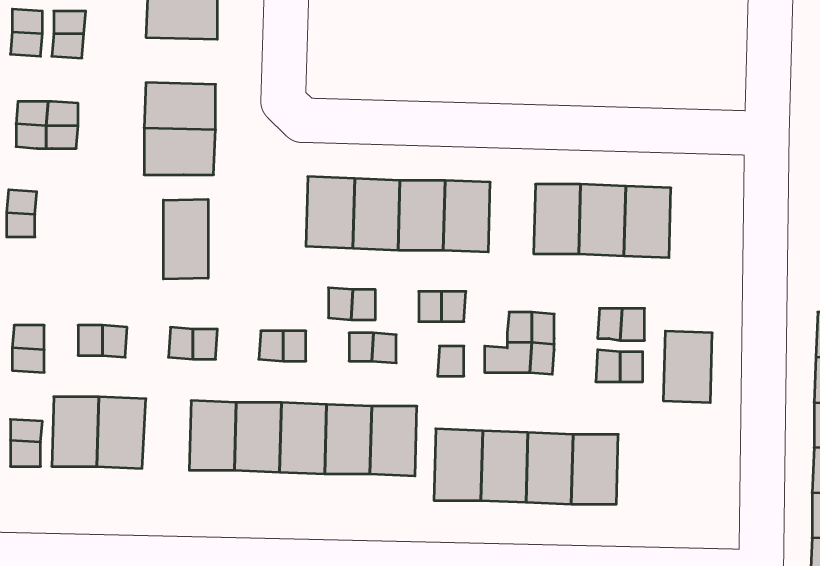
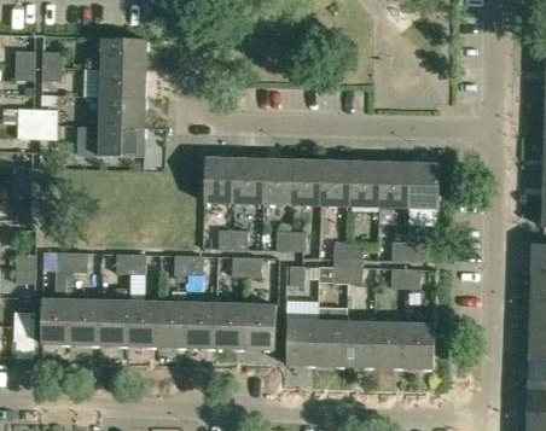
building: none -> [101,68,147,98]
building: none -> [321,161,352,206]
building: [163,199,208,279] -> none
building: [663,331,712,403] -> [403,322,435,368]
building: none -> [99,299,130,345]

